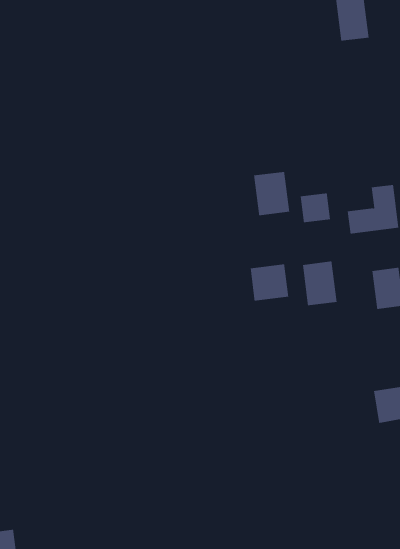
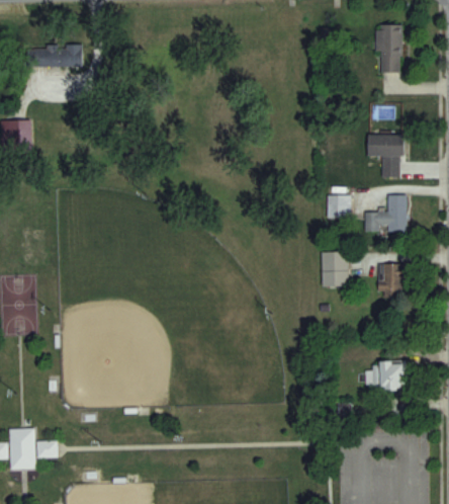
building: none -> [368,135,402,177]
building: [254,171,290,216] -> none
building: [250,263,289,301] -> none

